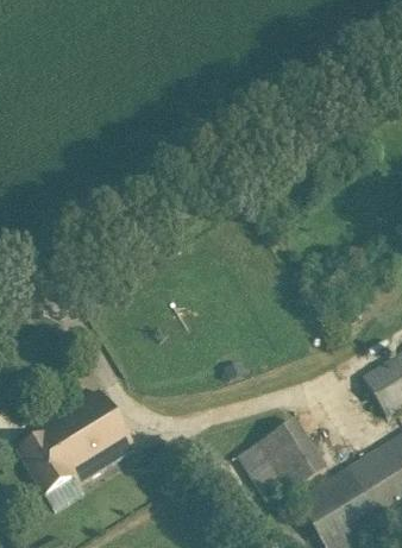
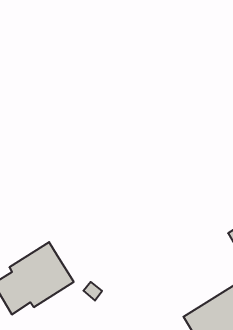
building: [240,435,329,502] -> none

